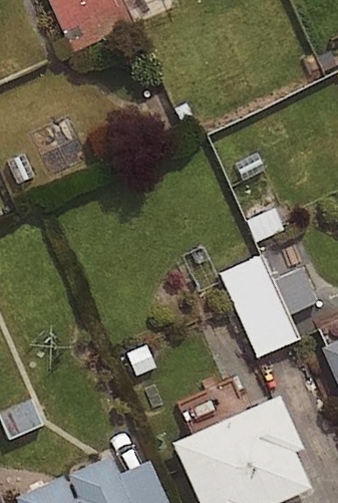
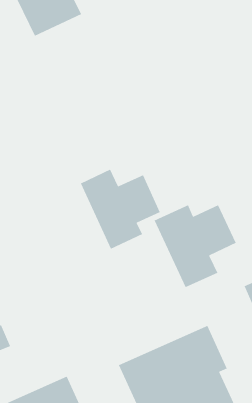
building: none -> [80,168,161,250]

